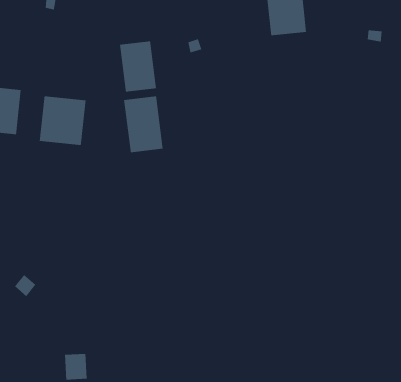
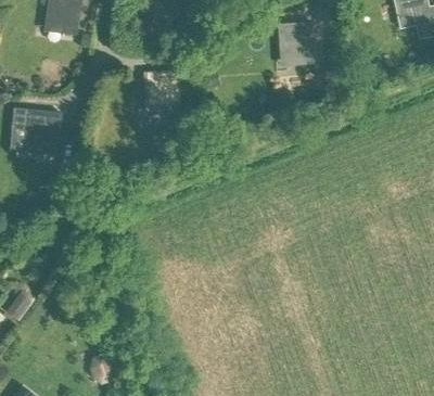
building: [39,95,86,146] -> none
building: [124,96,163,153] -> none

